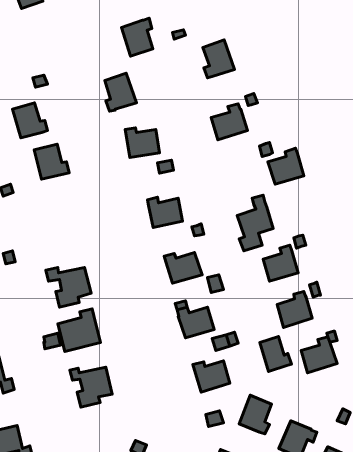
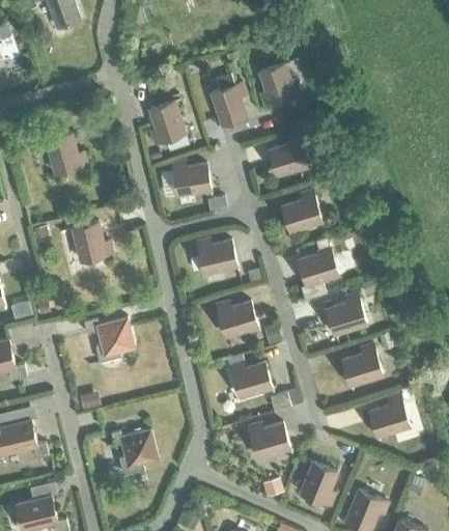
building: [121,18,153,56] -> [211,83,246,125]
building: [34,144,69,179] -> [72,222,111,261]
building: [268,148,304,184] -> [281,191,321,231]
building: [58,309,100,352] -> none
building: [260,337,292,372] -> none

